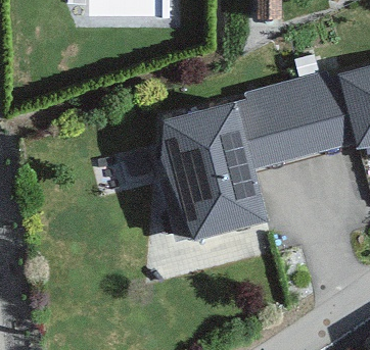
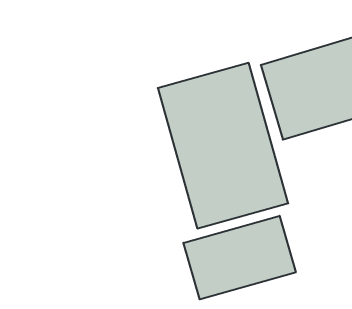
building: none -> [183,216,296,299]

